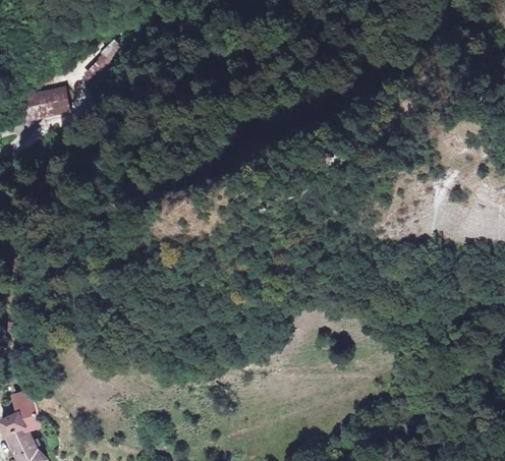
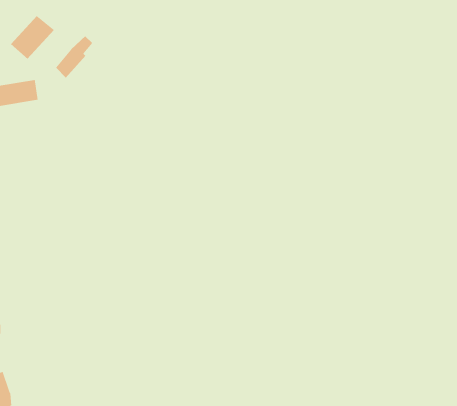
building: none -> [10,15,55,60]

